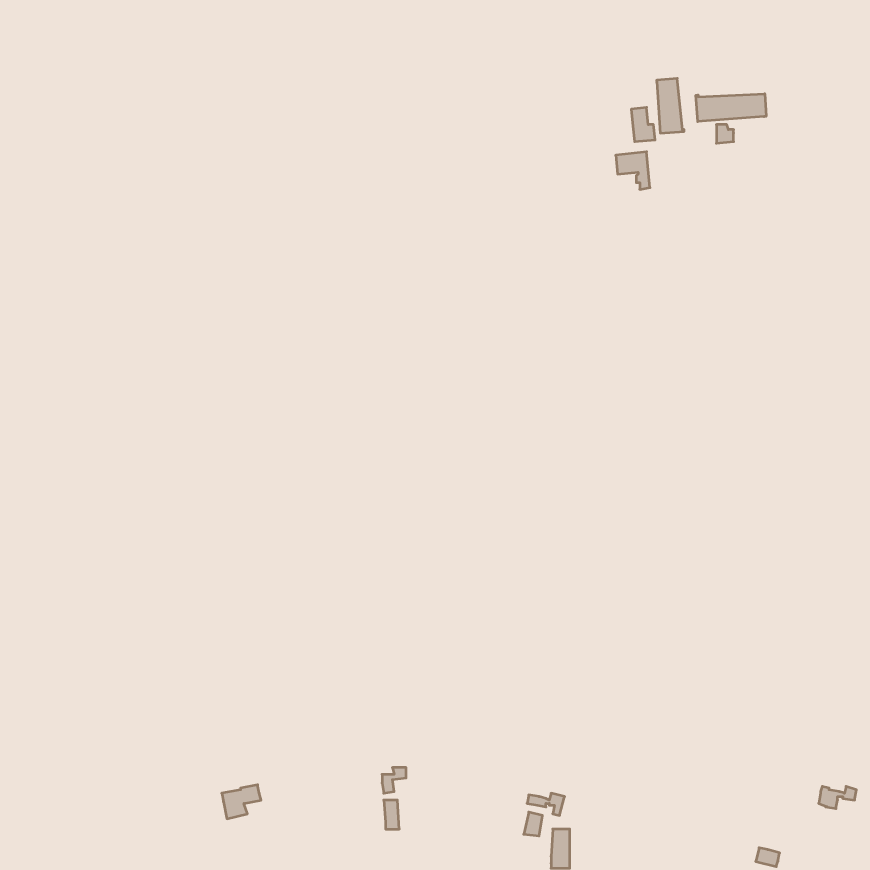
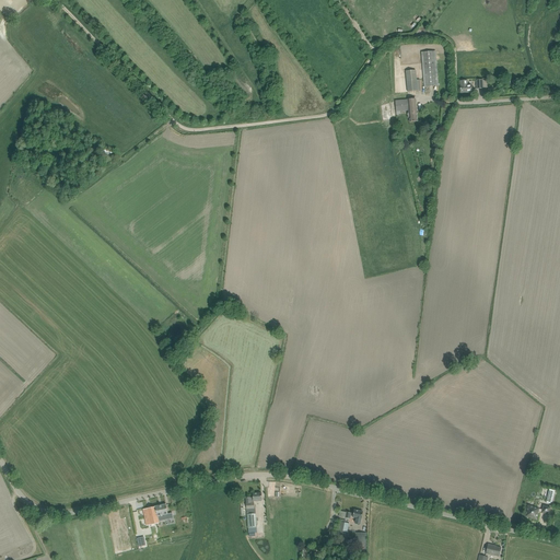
building: [696,94,766,122] -> none

